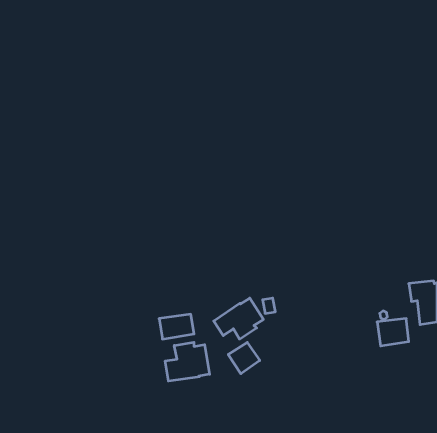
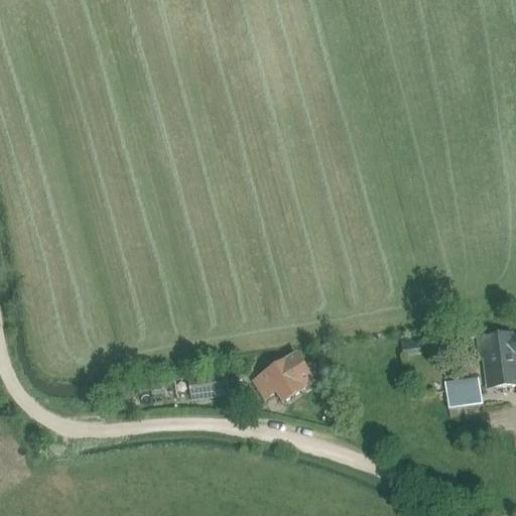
building: [165,342,210,381] -> none
building: [228,342,260,374] -> none

